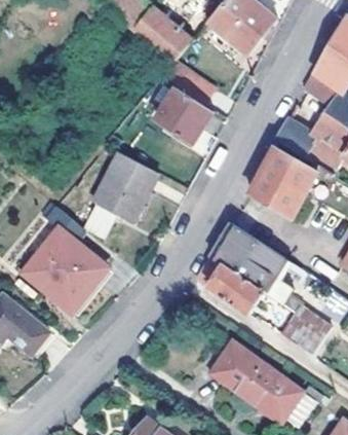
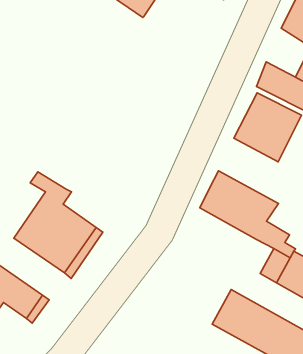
building: [153,63,211,142] -> none
building: [79,152,157,240] -> none
building: [196,256,263,315] -> none

